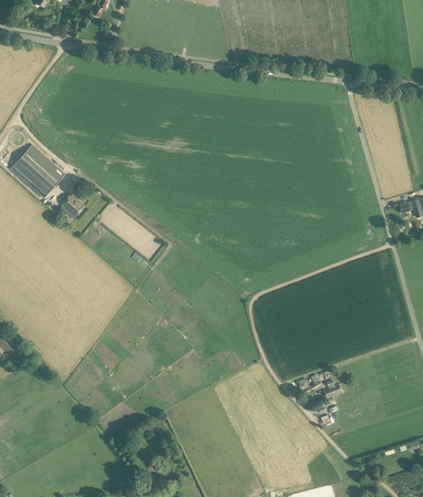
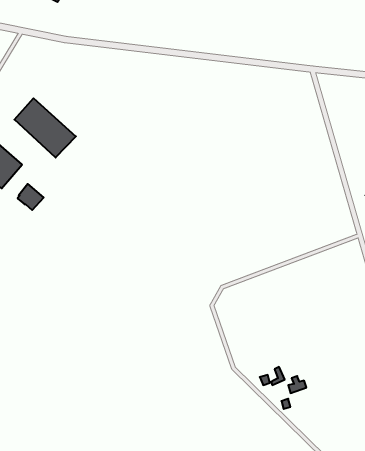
building: none -> [14,98,76,158]

